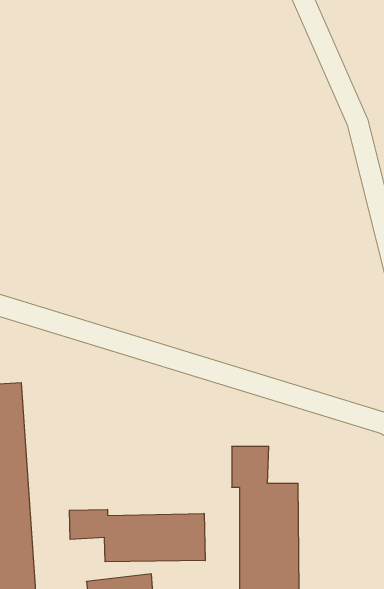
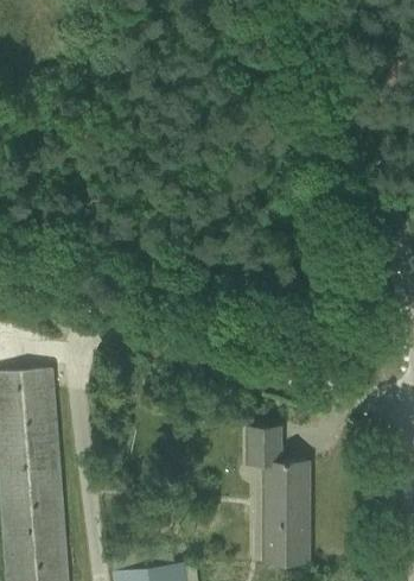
building: [69,509,205,562] -> none

